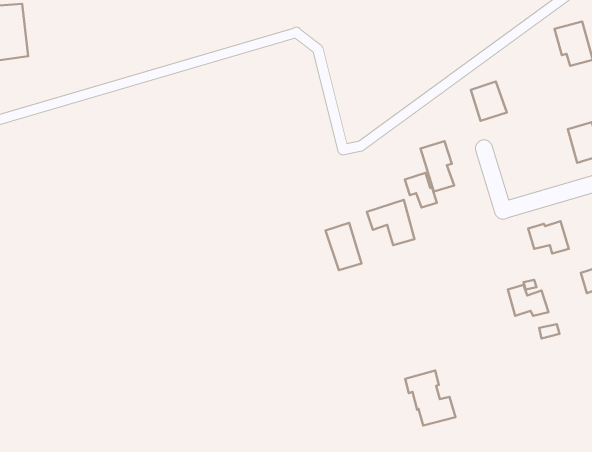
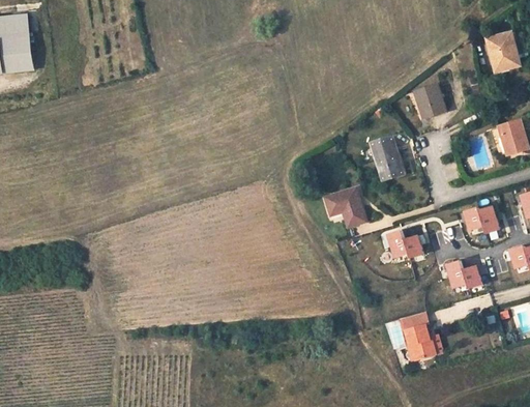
building: [405,173,437,208] -> none
building: [326,223,362,270] -> none
building: none -> [387,231,422,258]
building: [405,370,455,425] -> [399,312,442,359]

